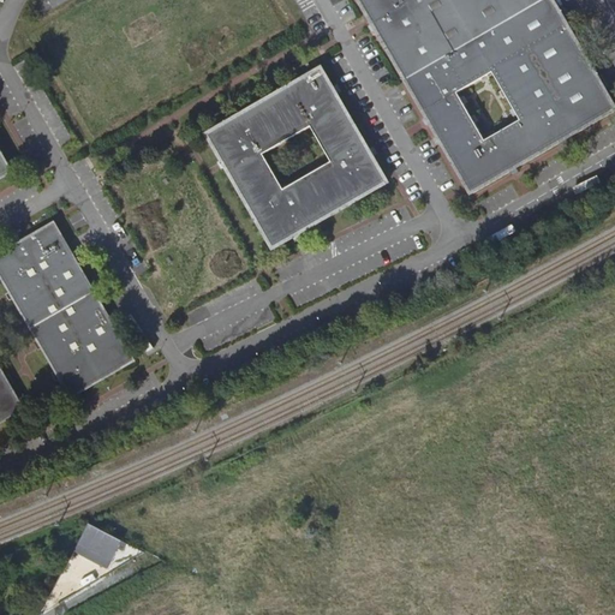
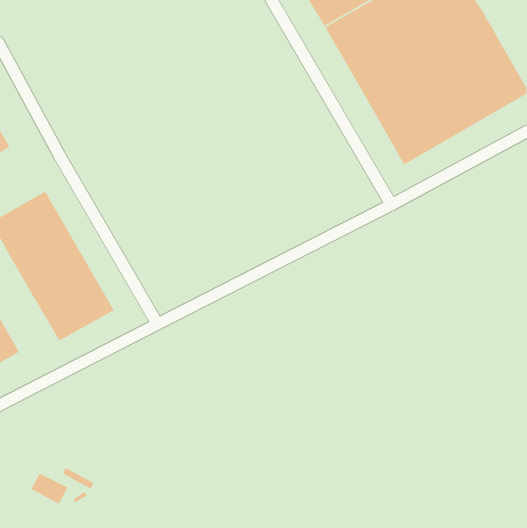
building: [204,66,387,249] -> none
building: [76,523,120,560] -> [30,473,68,505]

